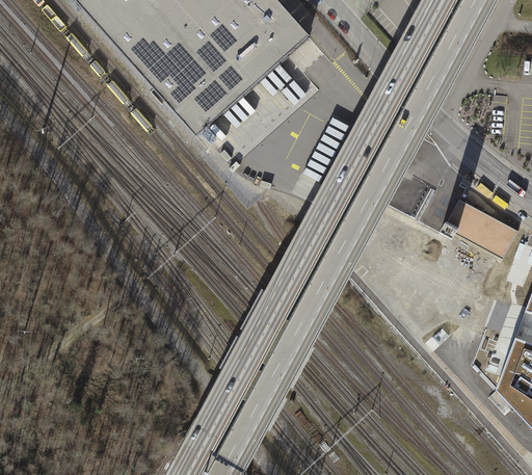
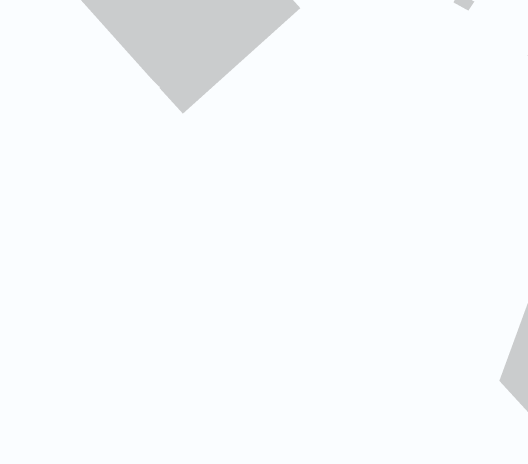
building: [441,196,520,258] -> none

